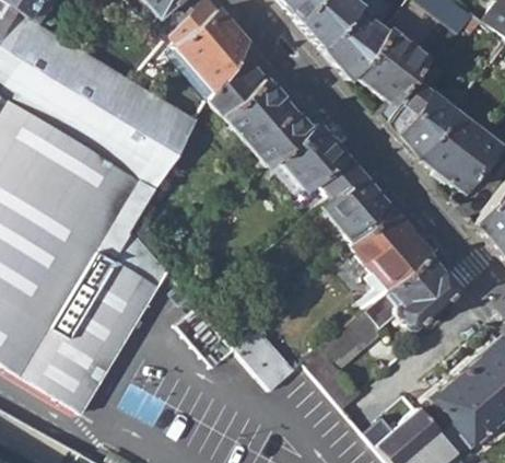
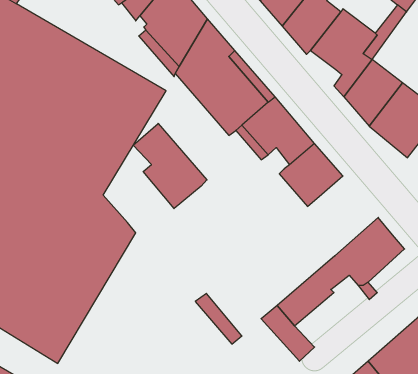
building: none -> [133,123,207,209]
building: [340,209,428,296] -> none

